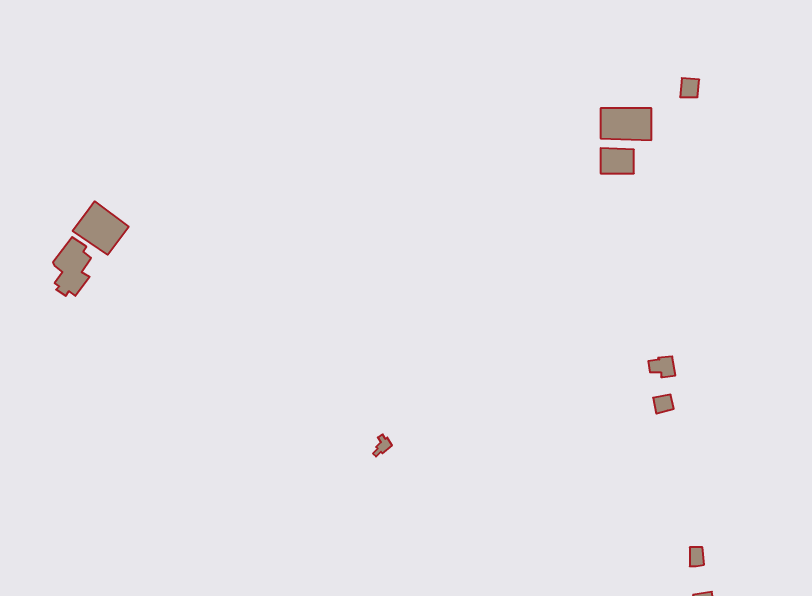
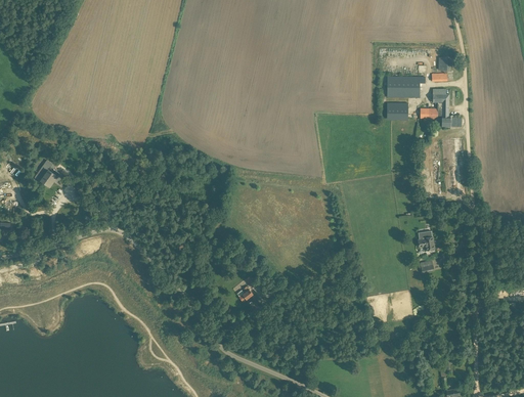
building: none -> [421,88,451,127]
building: [73,201,129,255] -> none

